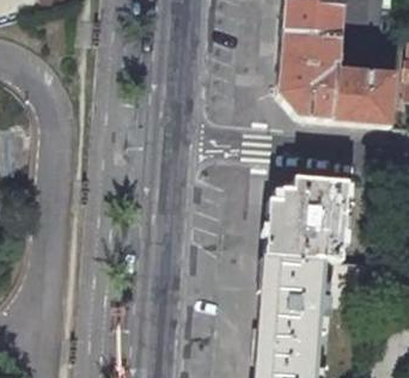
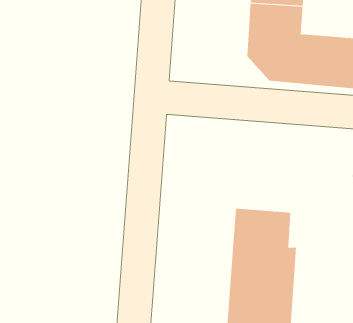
building: [264,176,352,260] -> none

